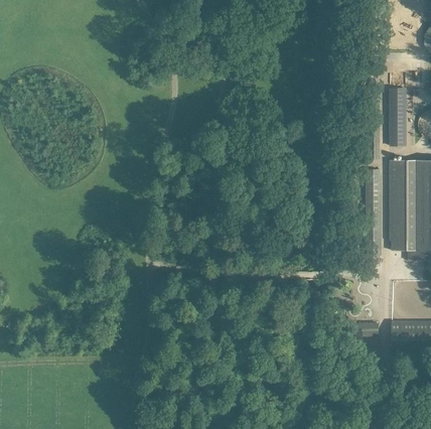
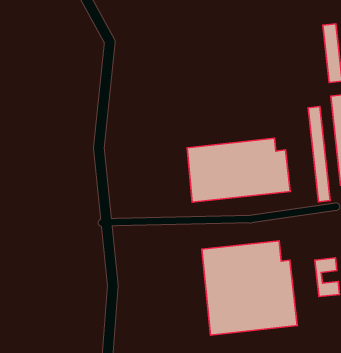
building: none -> [187,138,290,202]
building: none -> [202,241,297,335]

